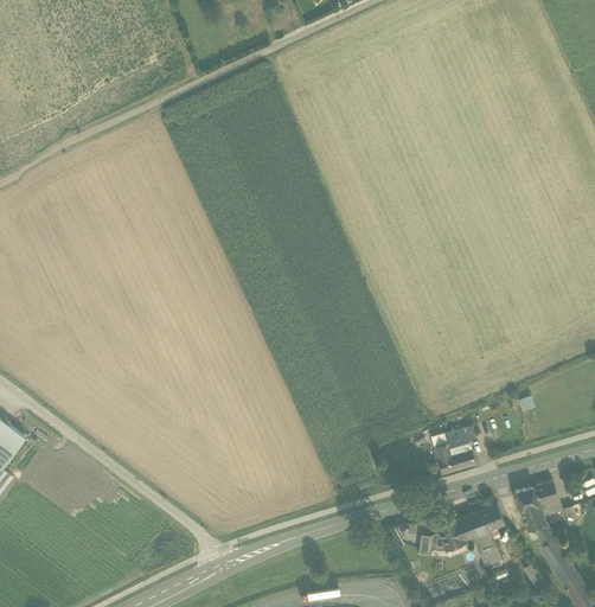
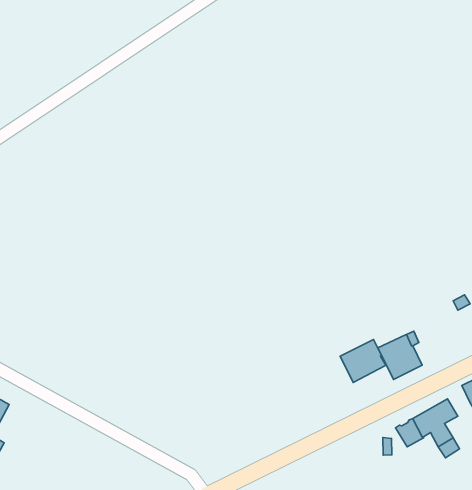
building: none -> [340,340,386,382]

